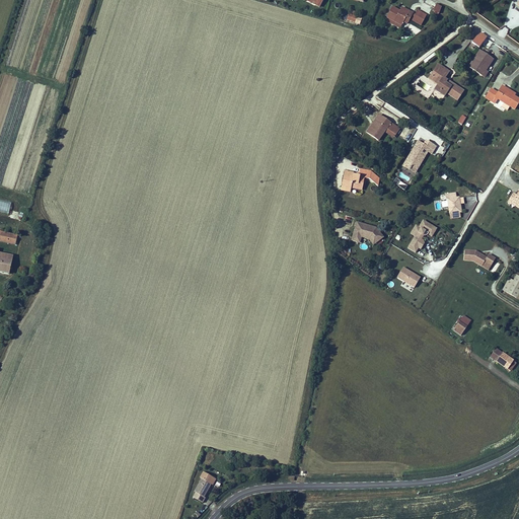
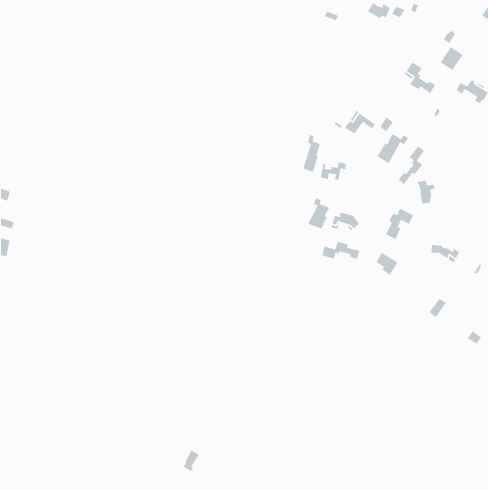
building: none -> [302,134,321,173]
building: none -> [398,146,425,185]
building: none -> [307,197,330,230]
building: none -> [322,241,360,260]

